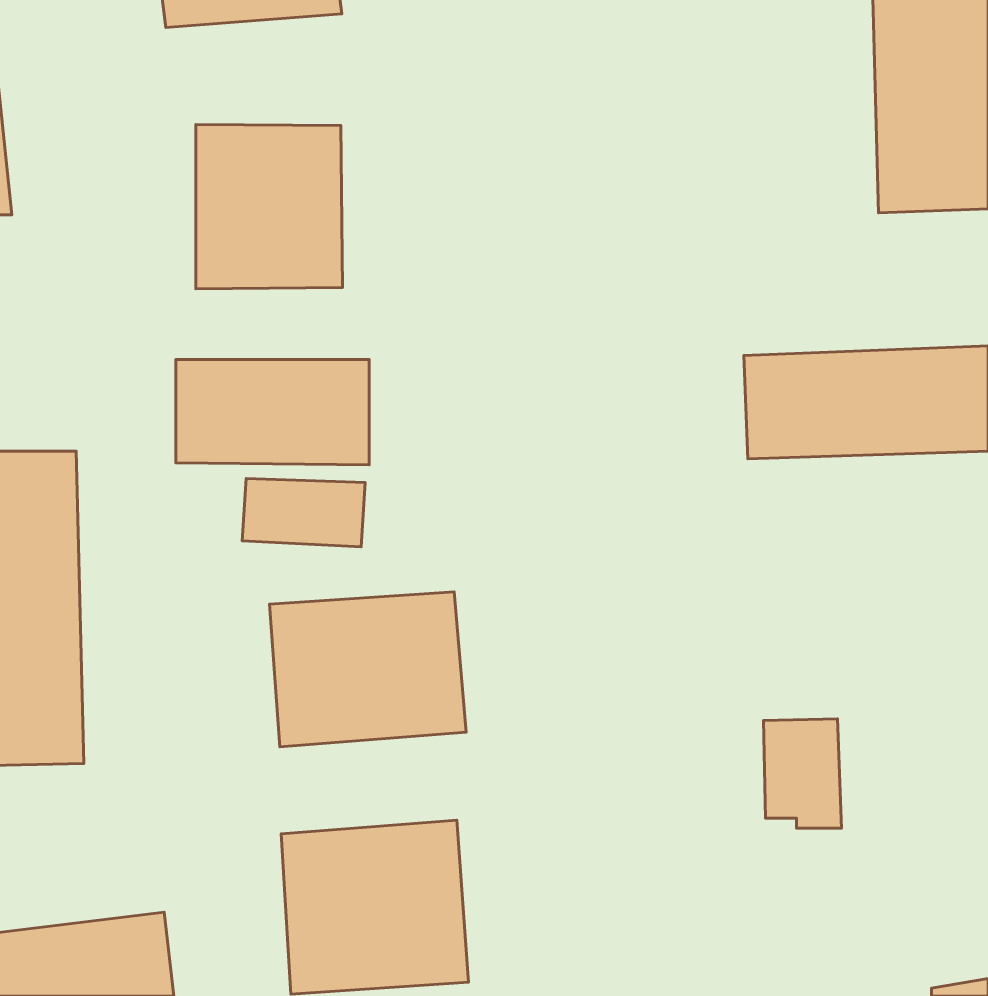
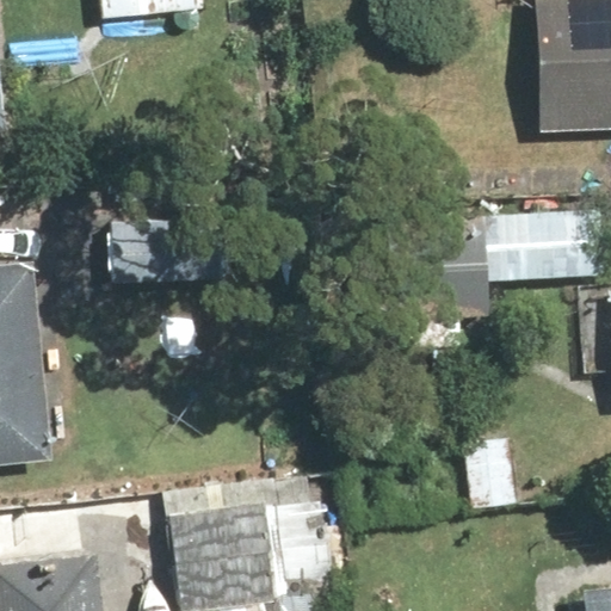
building: [196,125,342,289] -> none
building: [270,592,466,747] -> none

